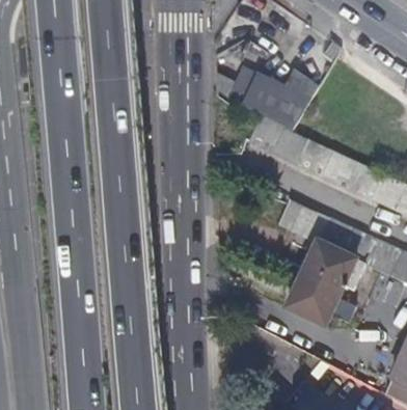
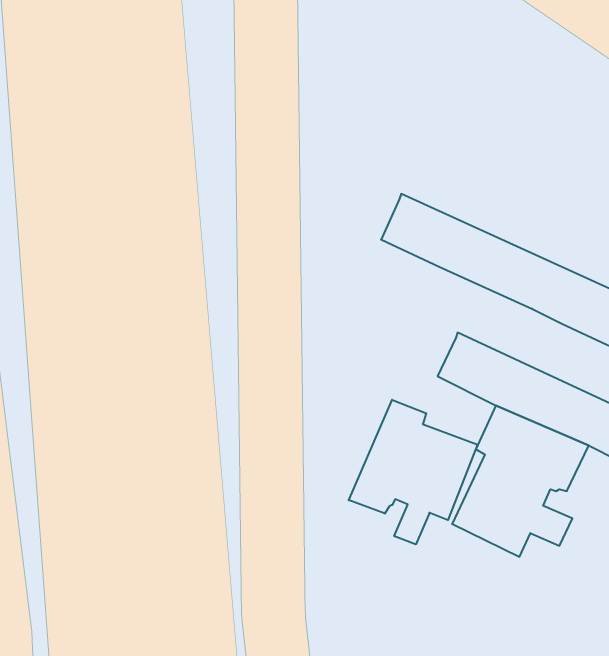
building: [222,65,318,132] -> none
building: none -> [349,400,478,544]

